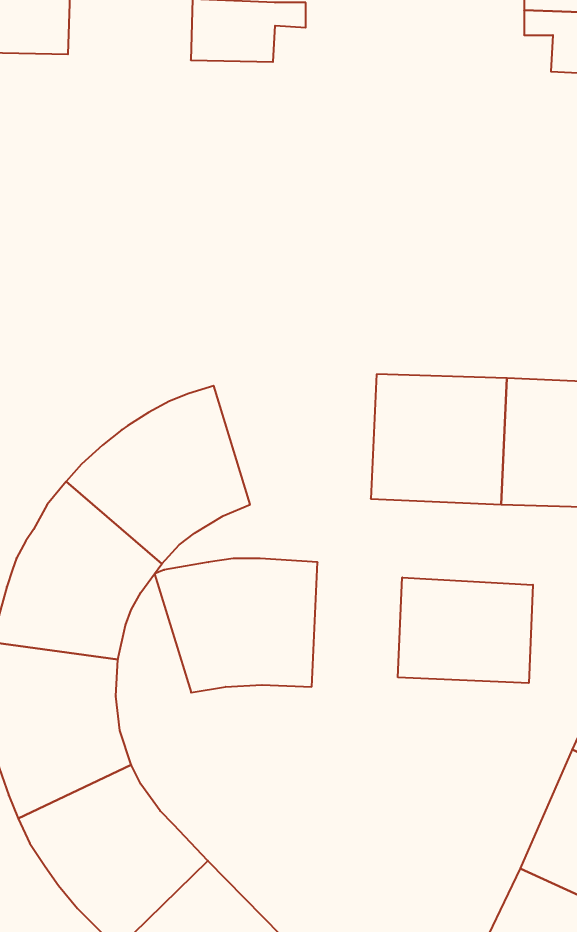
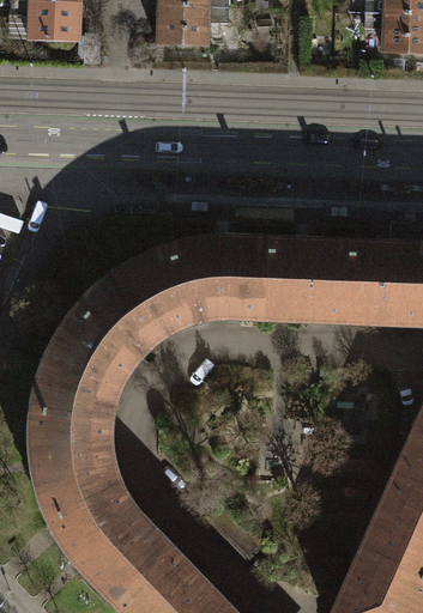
building: [155,558,318,693] -> [171,237,273,321]
building: [398,577,533,683] -> none

